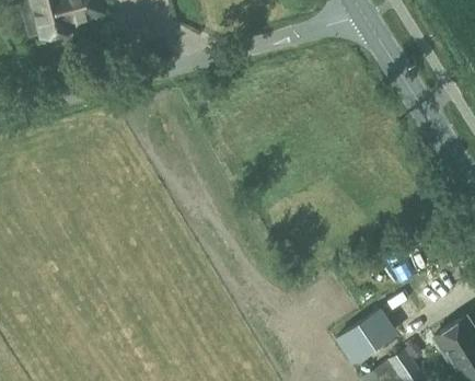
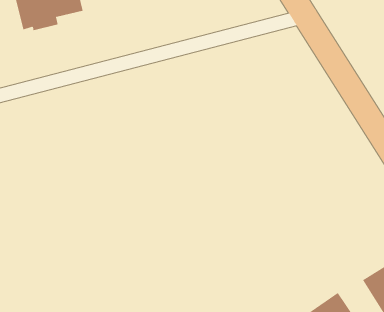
building: [339,312,395,361] -> none

